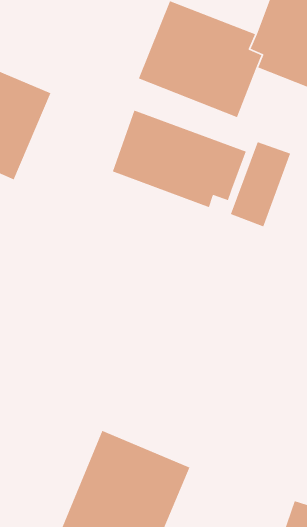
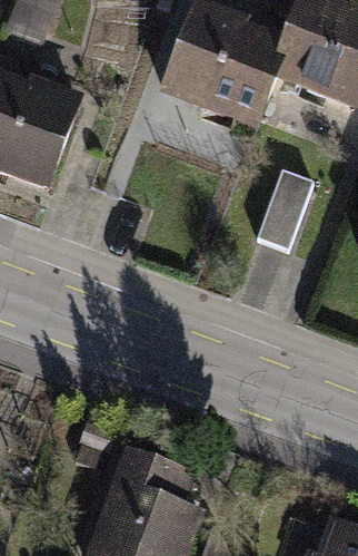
building: [112,110,247,208] -> none

